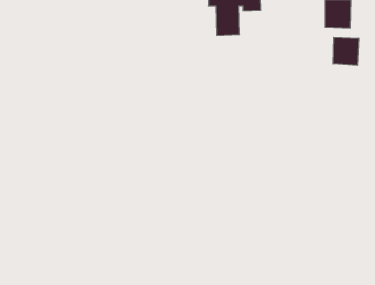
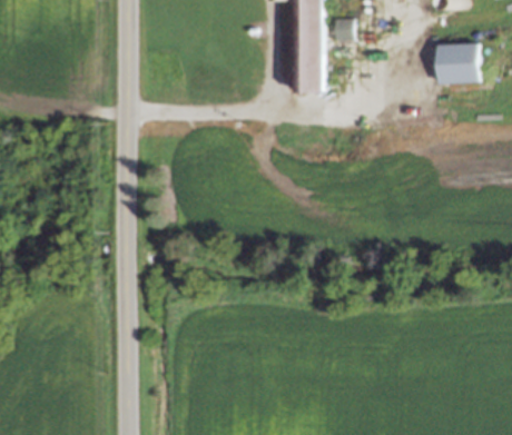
building: [333,37,359,65] -> none

